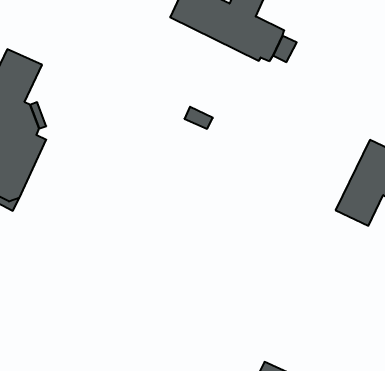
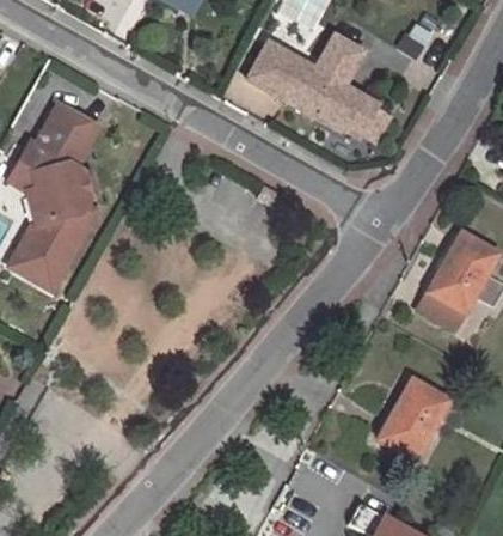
building: none -> [376,380,447,458]

